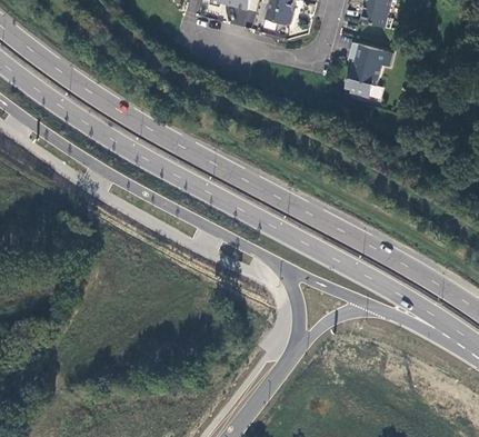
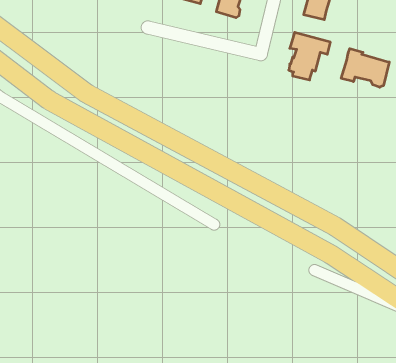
building: none -> [341,49,389,87]

